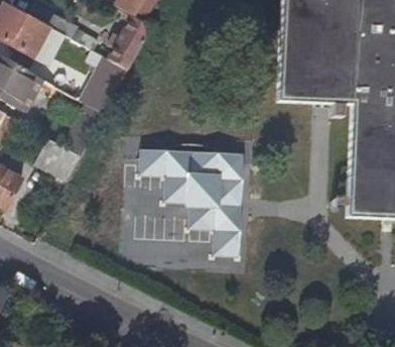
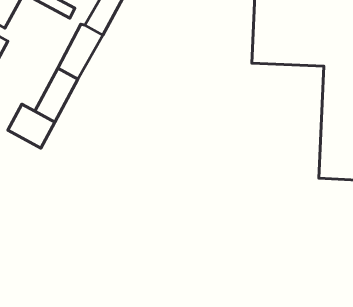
building: [132,148,239,257] -> none

